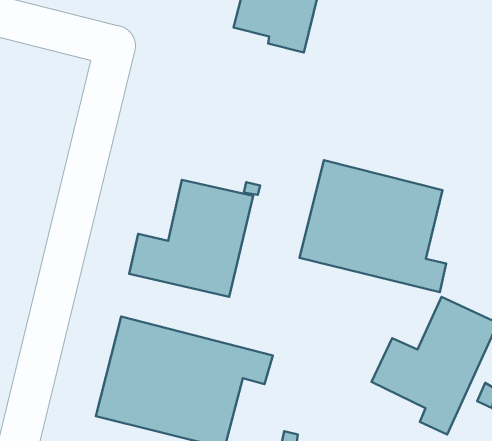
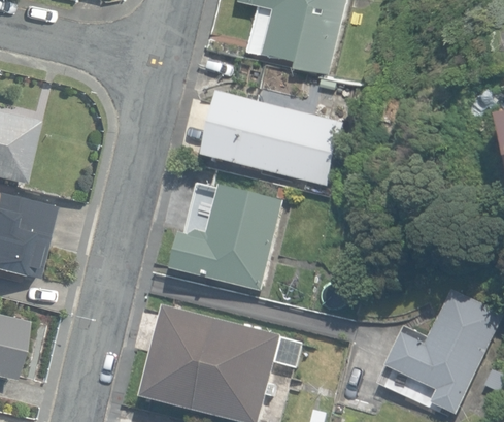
building: none -> [202,94,339,186]
building: [300,160,446,292] -> none

